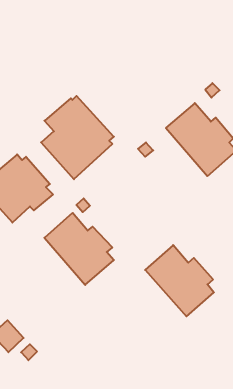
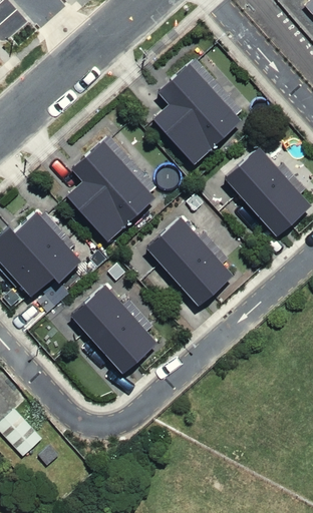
building: none -> [153,61,244,164]
building: [145,245,214,316] -> [145,217,232,307]

